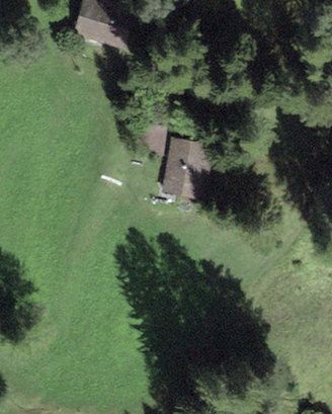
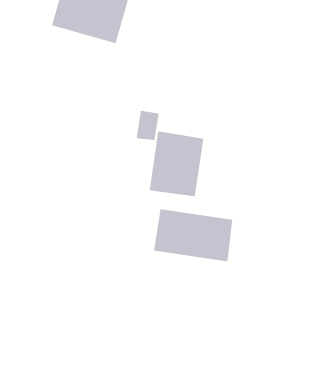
building: none -> [154,209,233,262]

